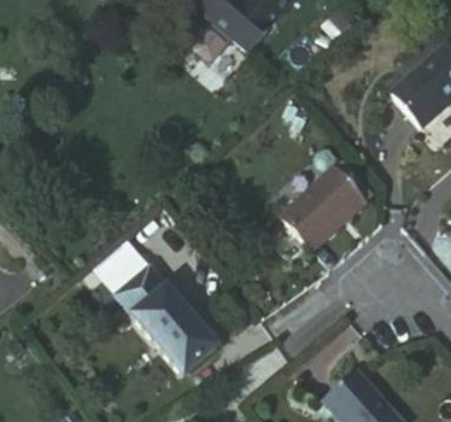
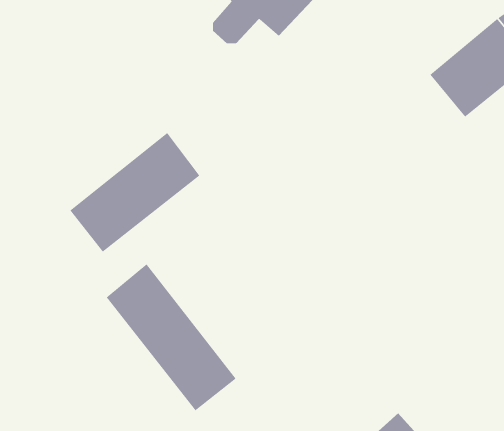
building: none -> [70,132,200,253]
building: [269,162,355,250] -> none

